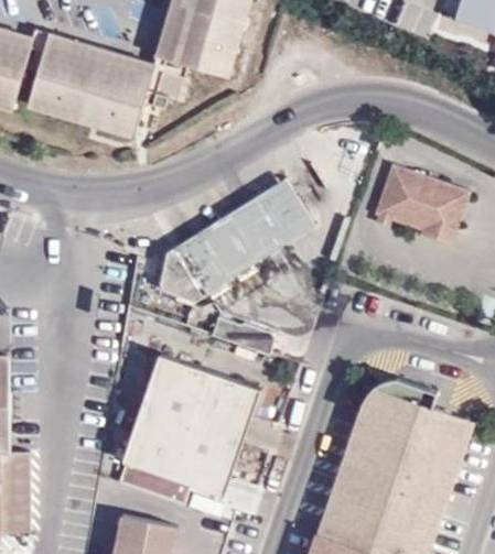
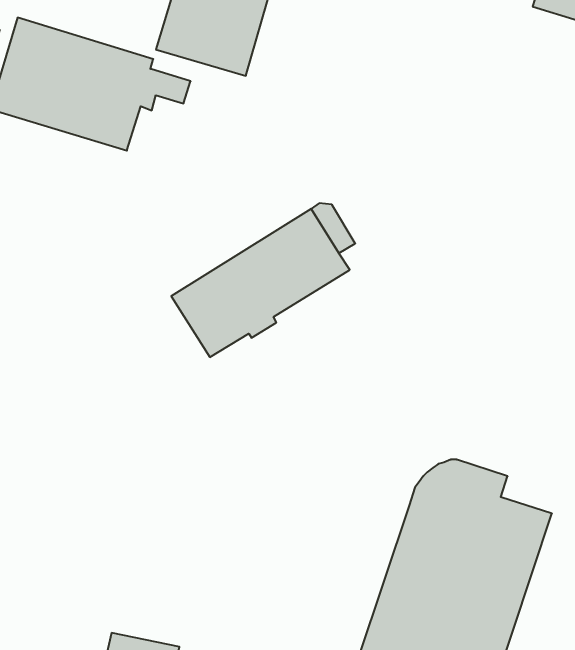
building: [377,171,472,249] -> none
building: [154,250,198,303] -> none
building: [120,358,263,509] -> none

